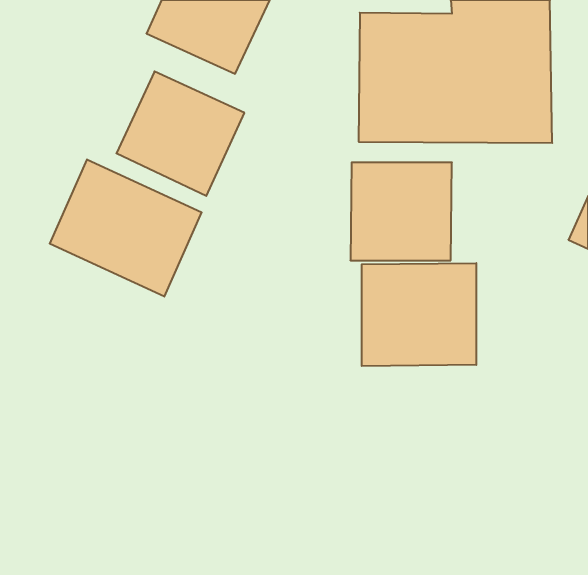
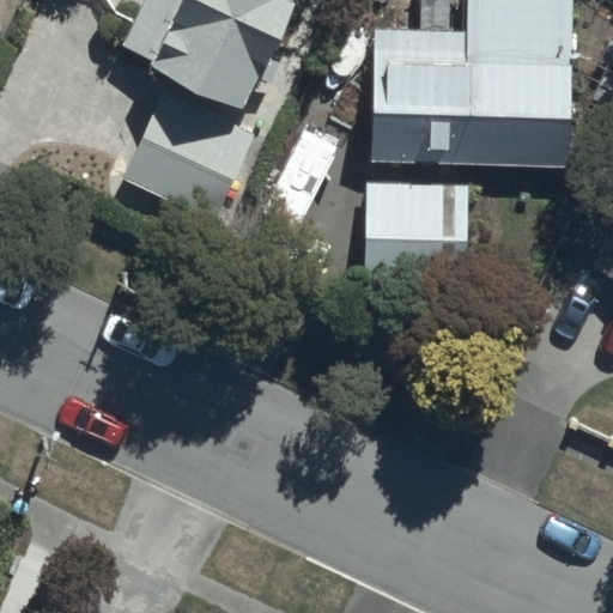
building: [50,159,202,297] -> none
building: [362,263,476,366] -> none

